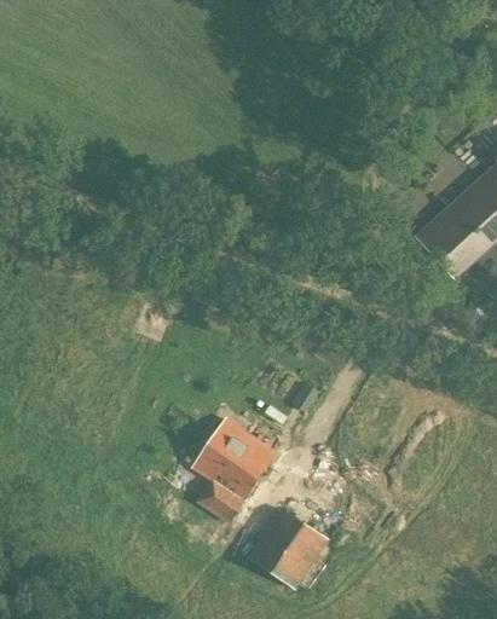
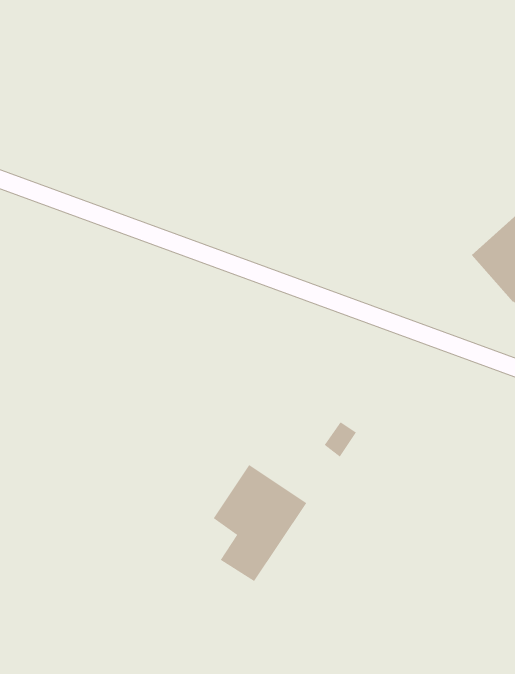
building: [248,505,328,586] -> none

